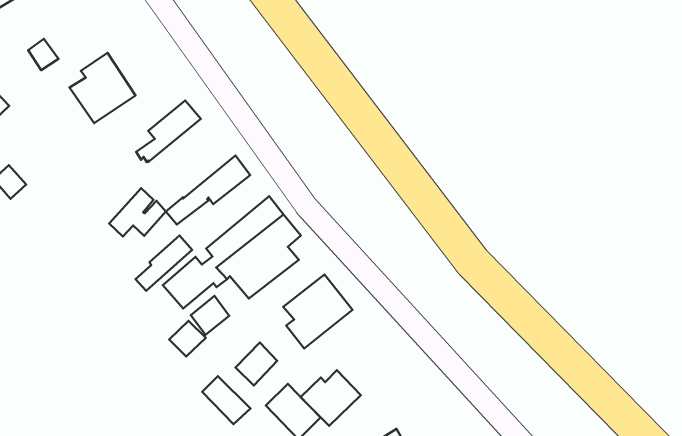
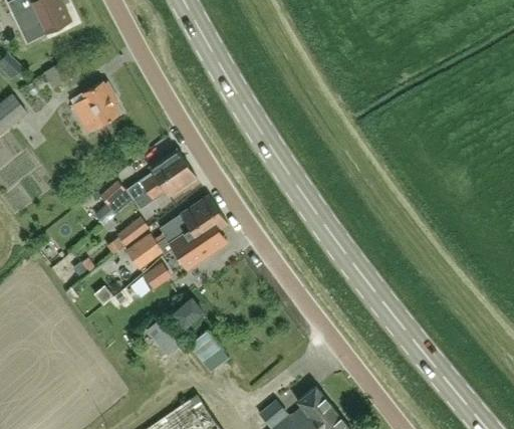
building: [136,101,201,162] -> [138,150,186,191]
building: [283,274,352,348] -> none
building: [301,370,361,426] -> none

